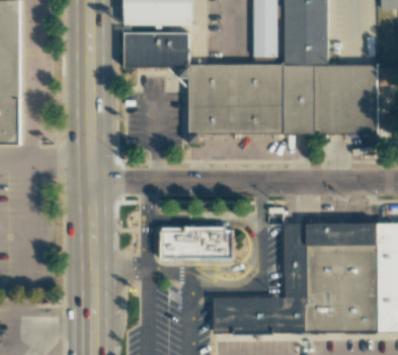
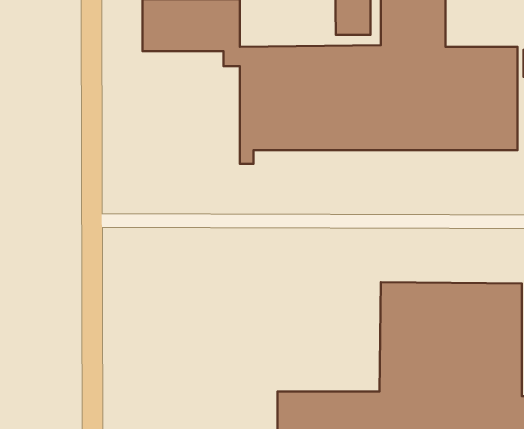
building: [161,226,233,258] -> none

